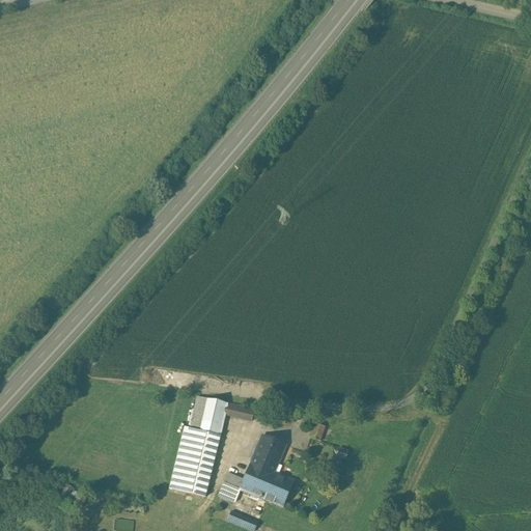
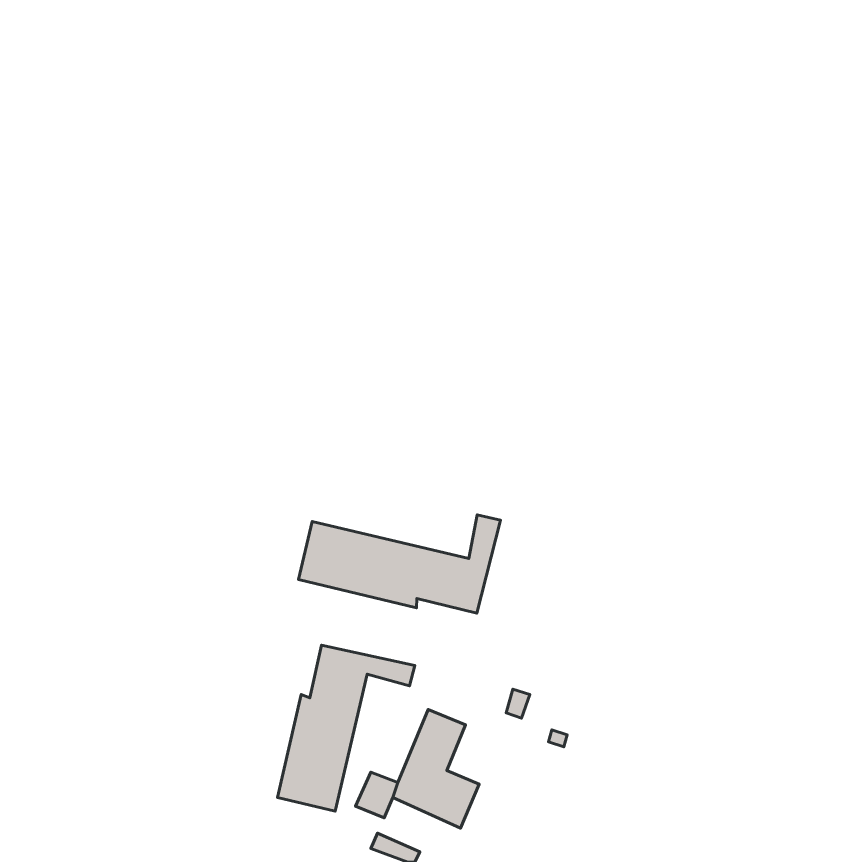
building: none -> [299,515,500,613]

